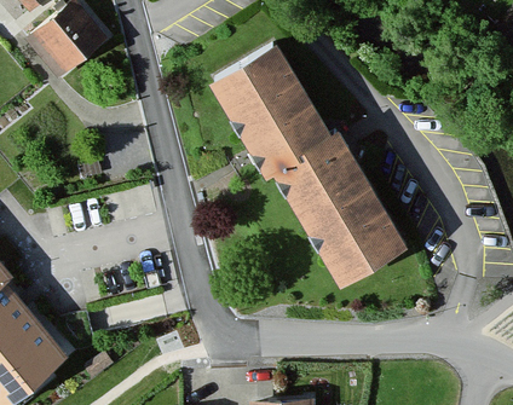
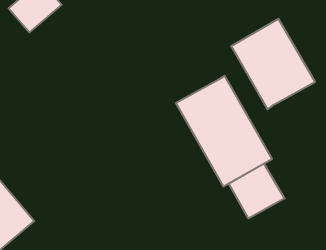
building: [208,51,330,183] -> [231,19,315,109]
building: none -> [229,163,285,218]

